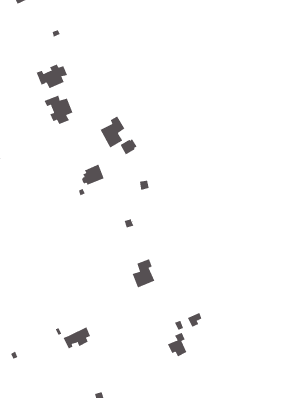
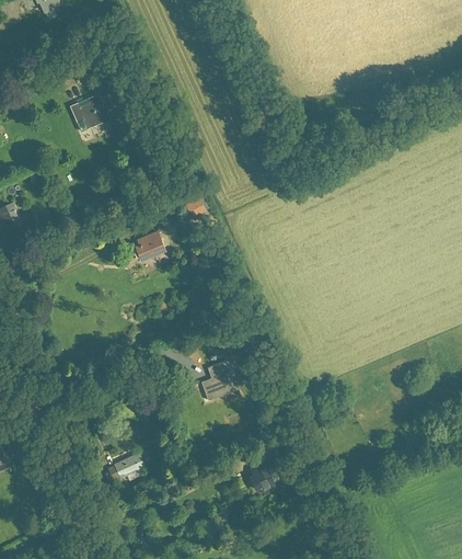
building: [44,95,73,125] -> none
building: [100,116,125,148] -> none

